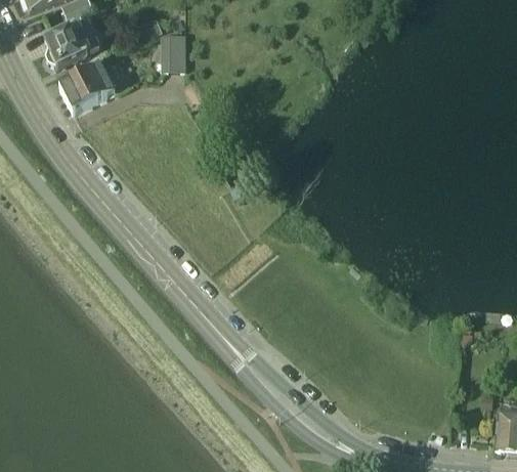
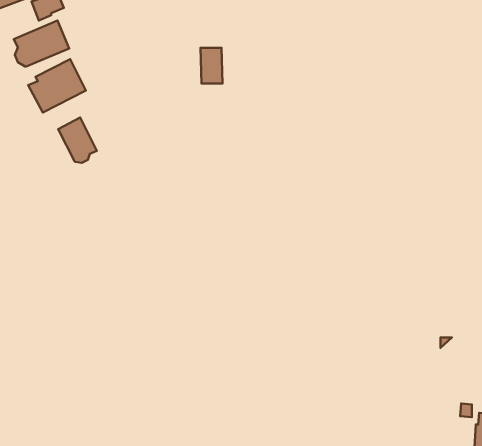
building: [164,33,185,68] -> [201,48,222,83]
building: none -> [58,118,97,163]

